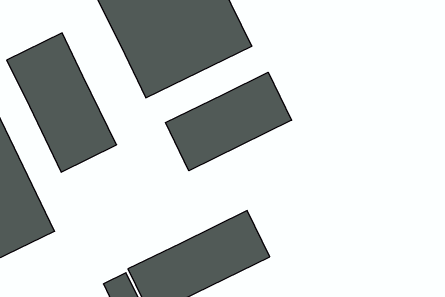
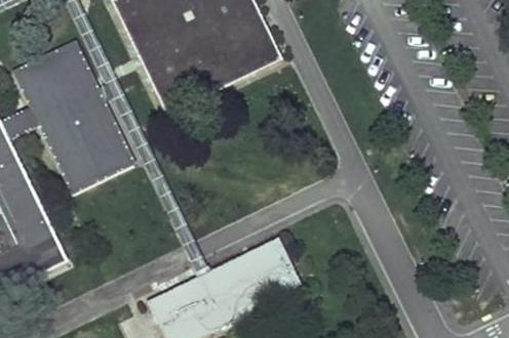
building: [165,72,292,171] -> none

